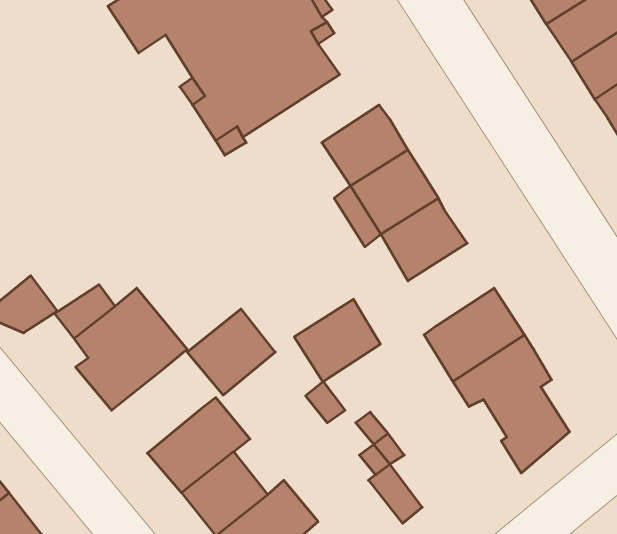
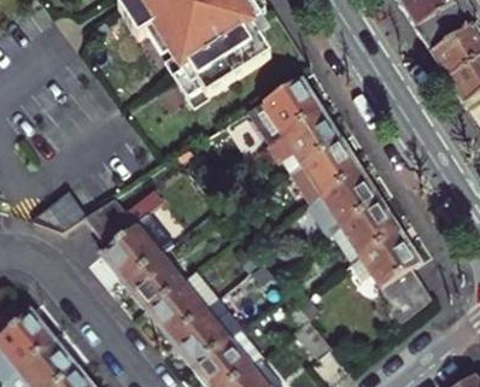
building: [294,299,380,382] -> [322,172,380,228]
building: [187,309,275,395] -> [123,256,182,313]

